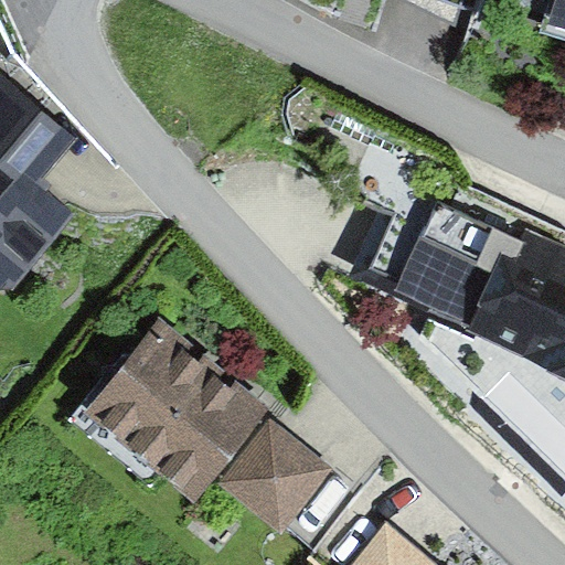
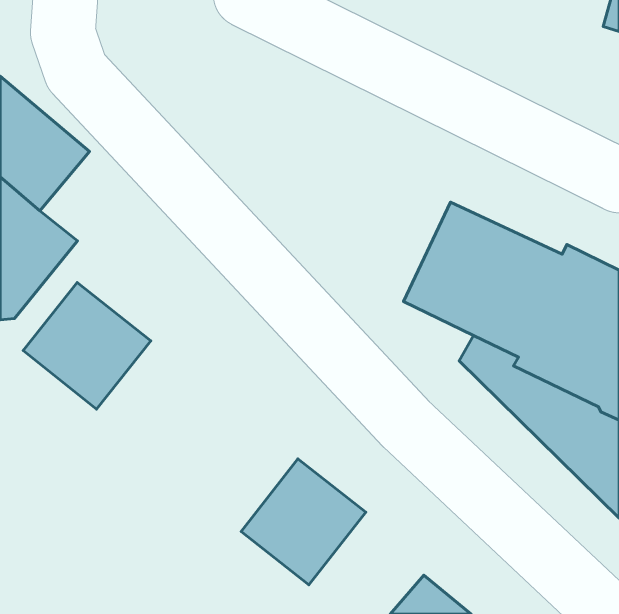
building: none -> [23,282,151,409]
building: [84,321,271,505] -> none

